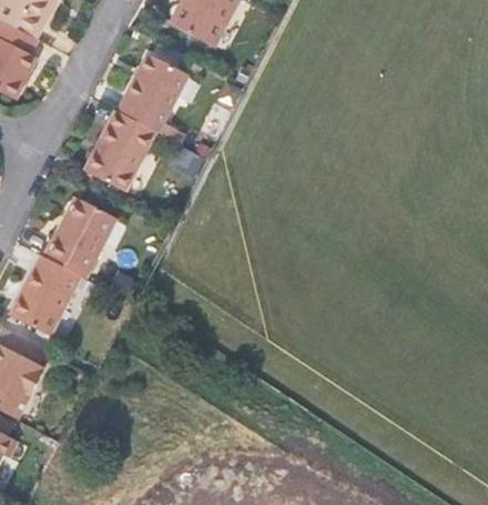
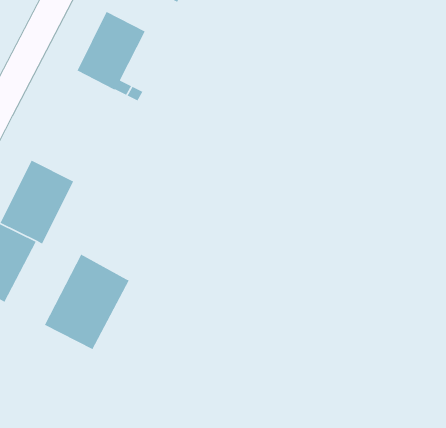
building: [84,108,154,188] -> none
building: none -> [44,253,130,350]

